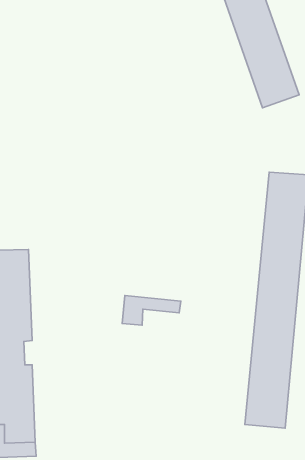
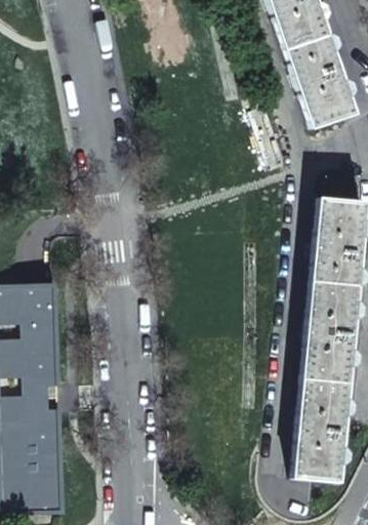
building: [122,295,181,325] -> none

